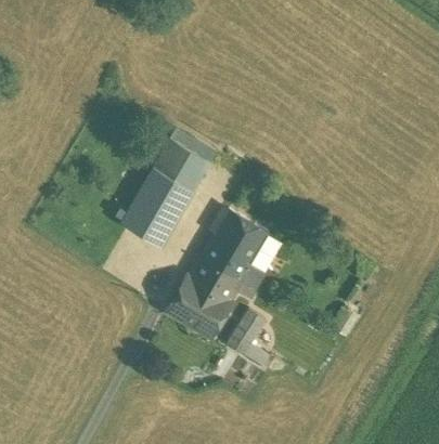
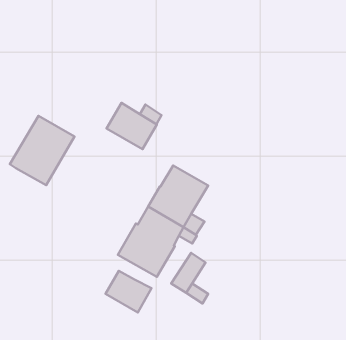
building: [121,168,195,247] -> [10,116,75,185]
building: none -> [106,271,152,312]

